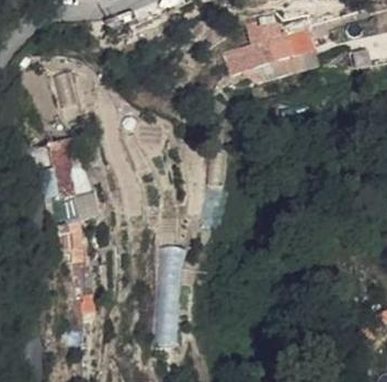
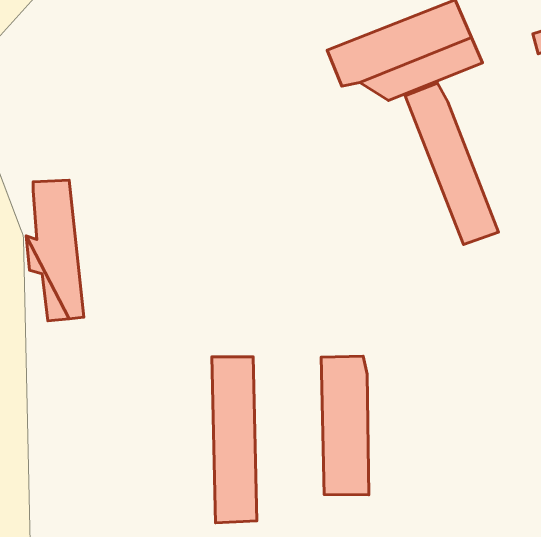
building: none -> [405,83,498,244]
building: none -> [321,356,369,495]

